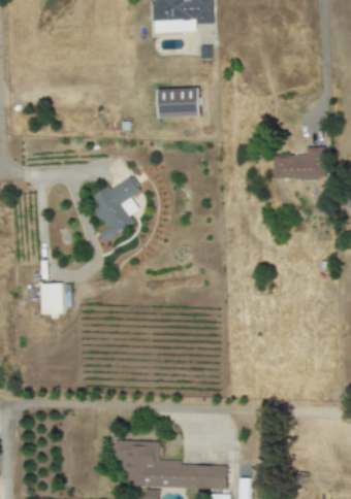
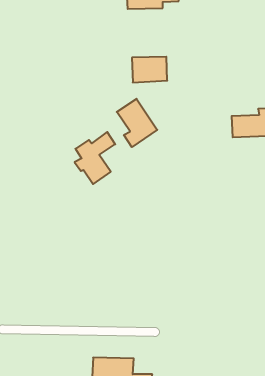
building: none -> [117,99,157,147]
building: [41,281,64,315] -> none

